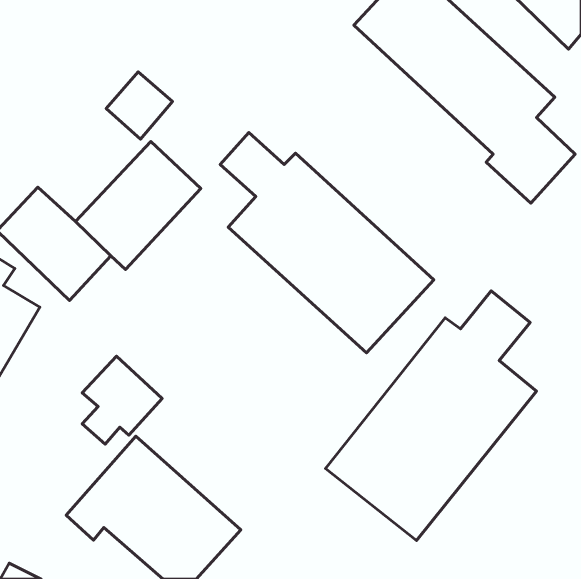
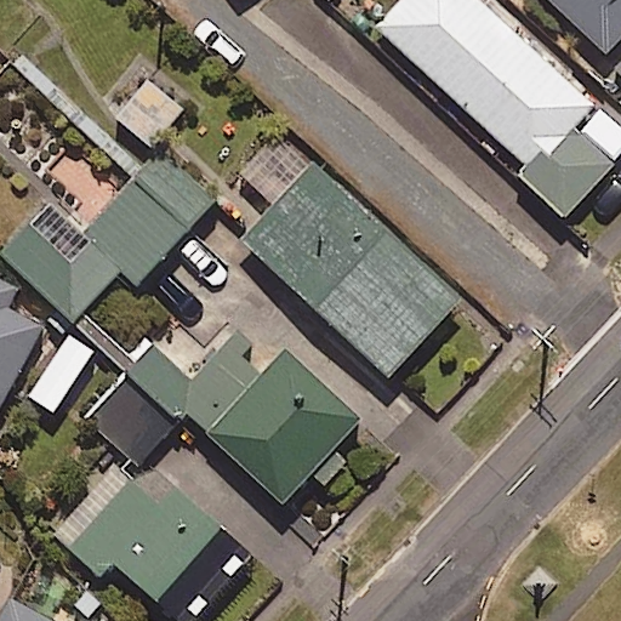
building: [326,291,537,540] -> none
building: none -> [78,313,361,506]

